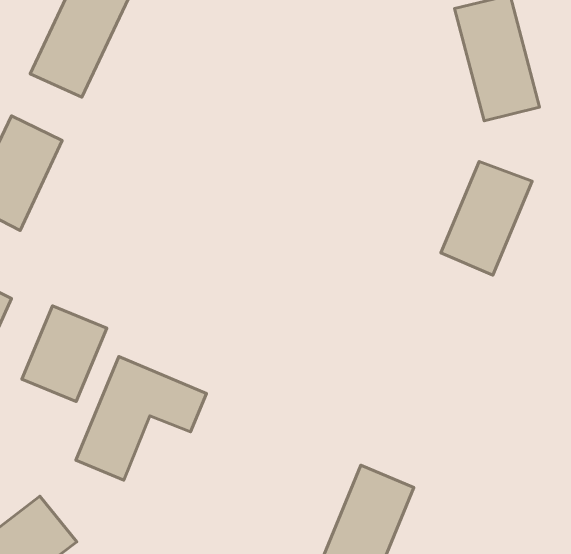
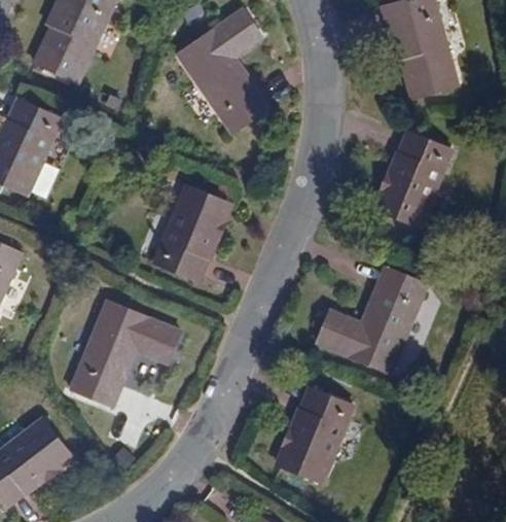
building: none -> [175,20,266,144]
building: none -> [153,192,230,287]
building: [22,306,107,402] -> none
building: none -> [315,279,425,384]

